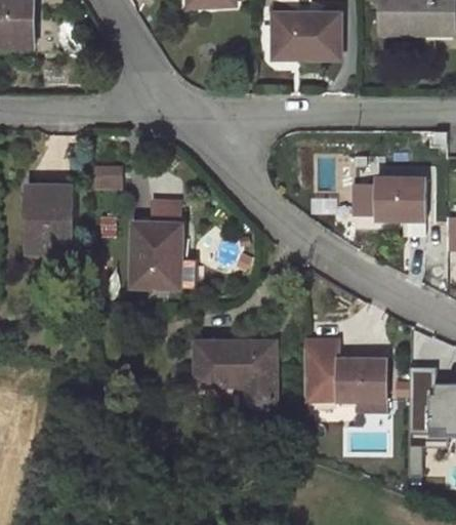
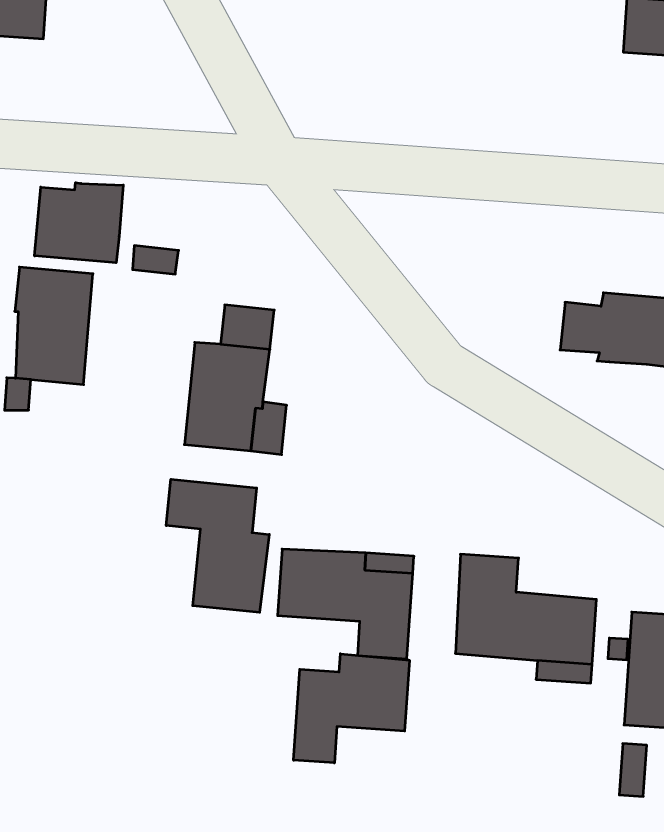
building: [273,13,340,57] -> none
building: none -> [35,183,123,263]
building: none -> [166,479,269,612]
building: none -> [294,654,409,763]

